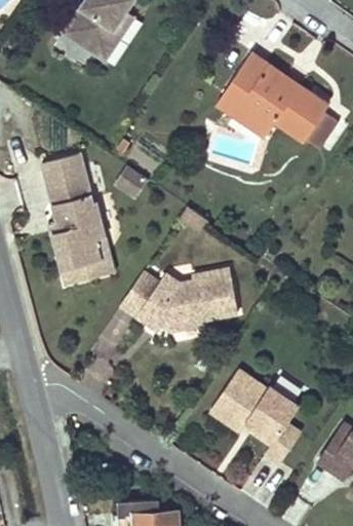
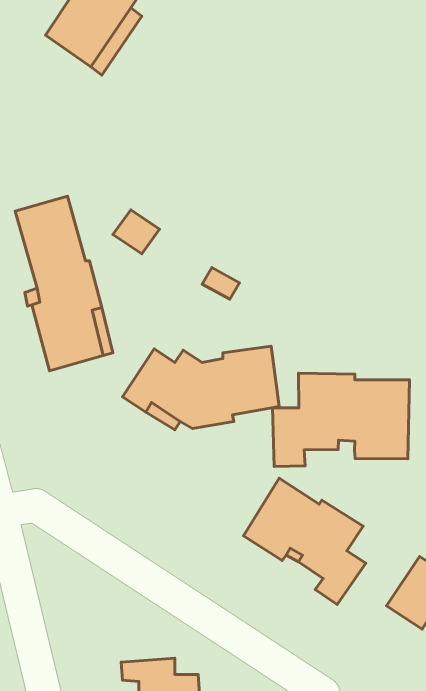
building: [223,53,337,150] -> none
building: none -> [272,373,410,466]

